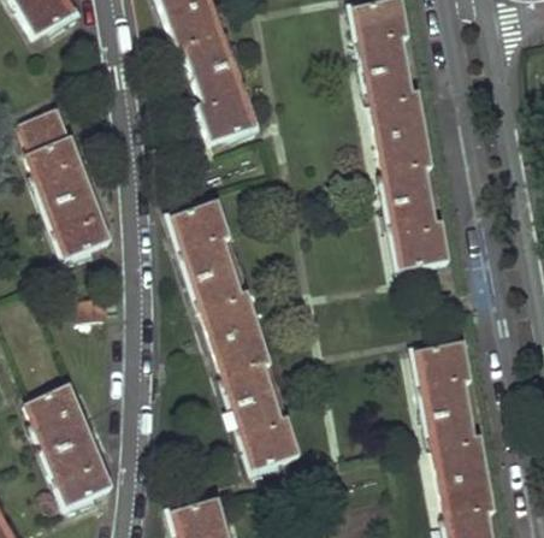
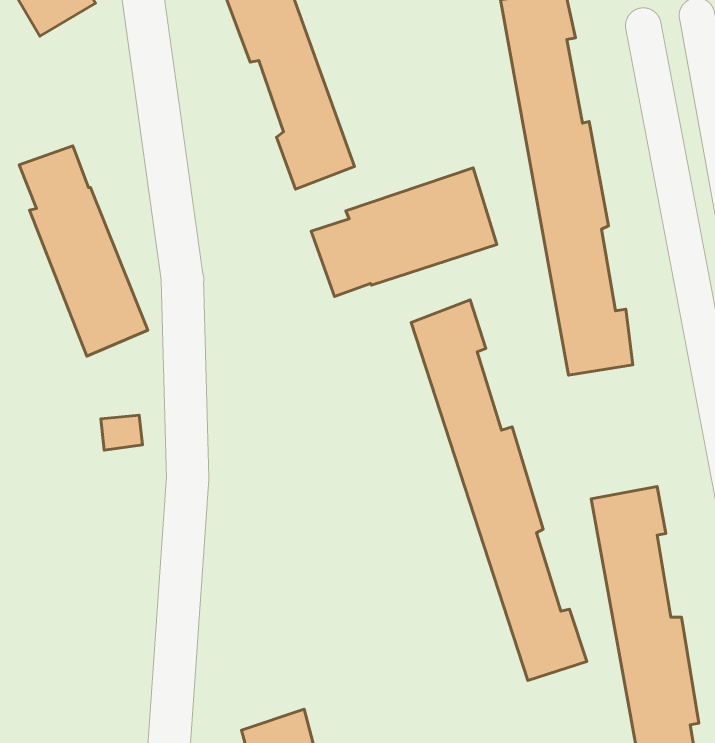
building: none -> [311,168,497,297]
building: [173,202,295,466] -> [411,300,587,681]
building: [22,386,108,506] -> none

